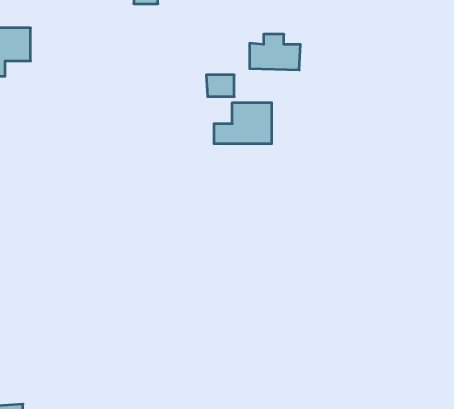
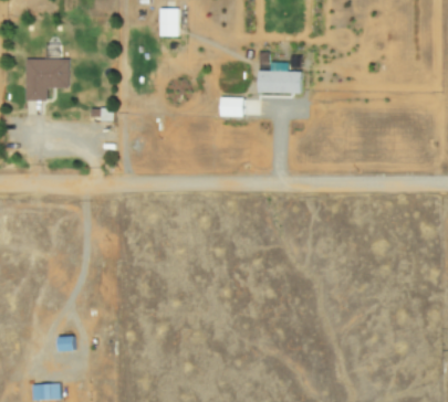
building: [214,103,272,144] -> none

